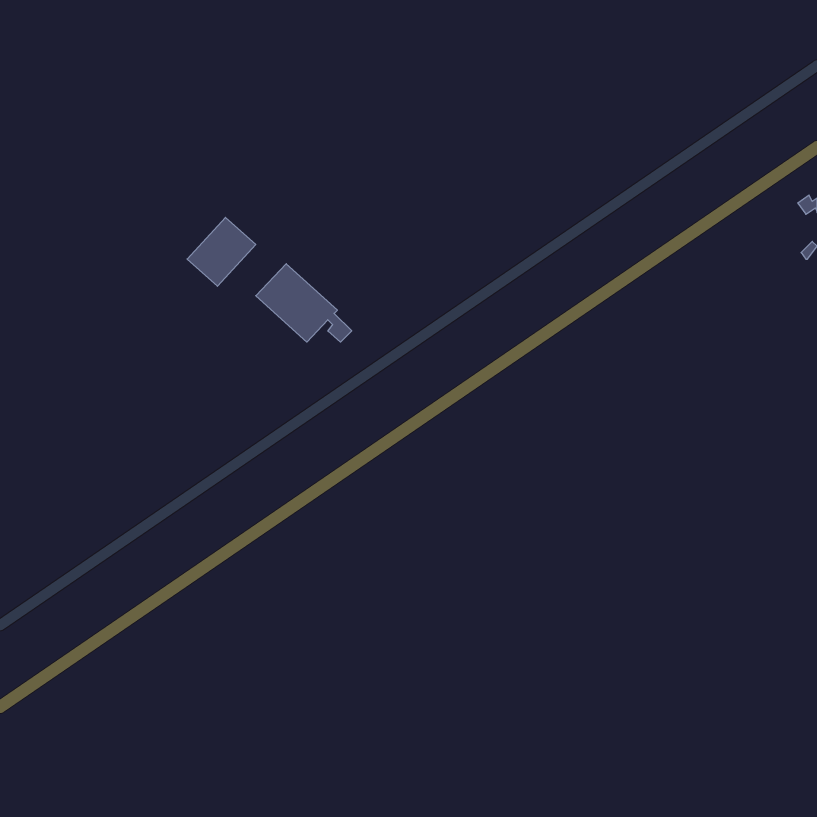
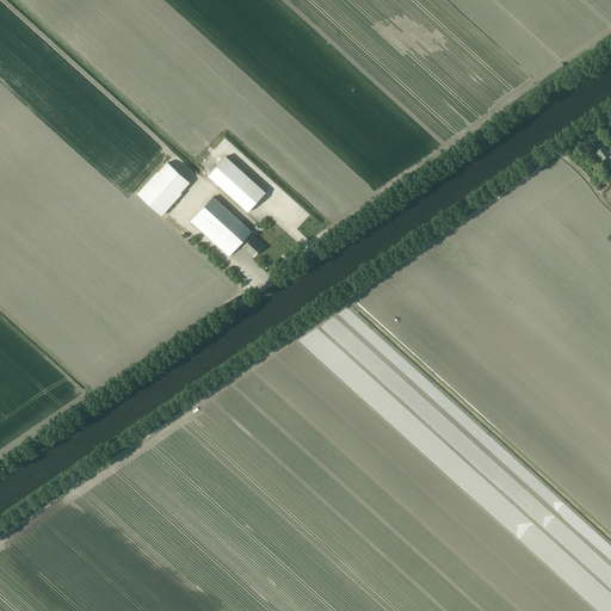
building: none -> [209,158,266,212]

